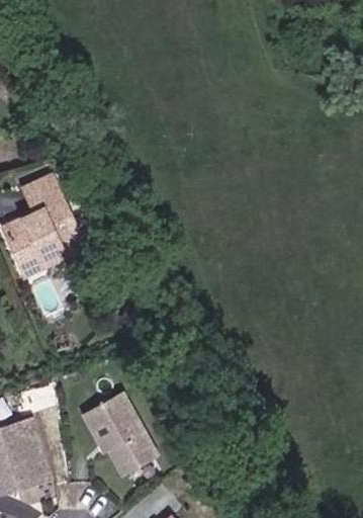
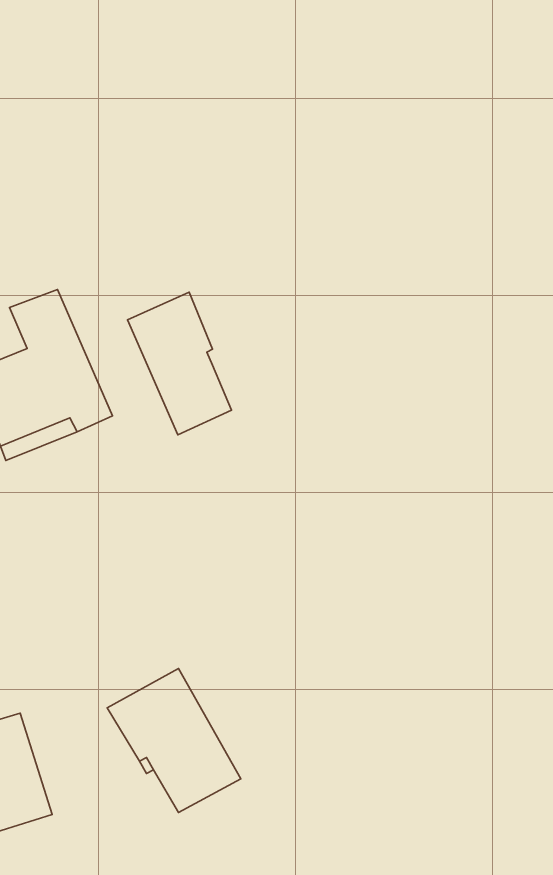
building: none -> [128,292,231,435]

